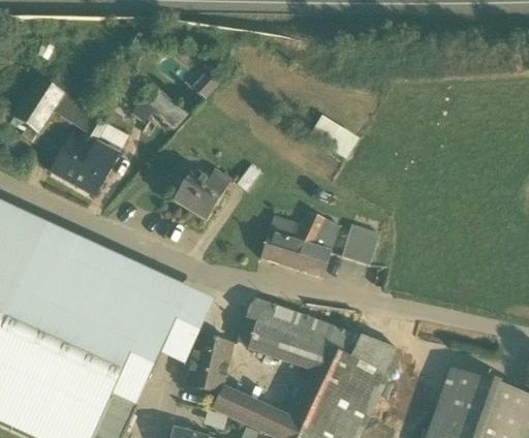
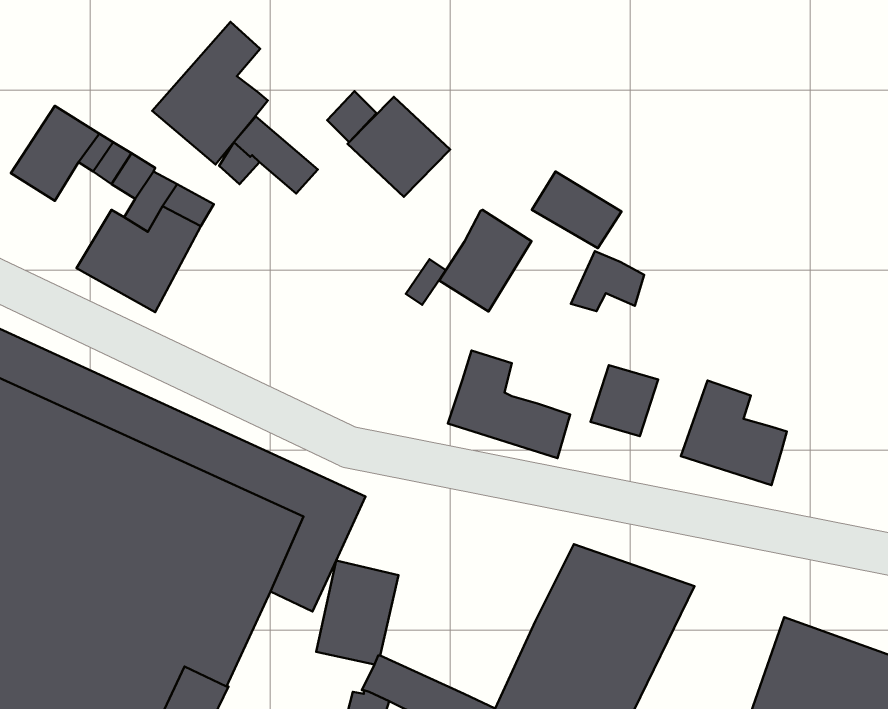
building: none -> [152,22,268,165]
building: none -> [347,97,450,197]
building: none -> [439,210,532,312]
building: [174,169,227,219] -> none
building: [297,212,338,246] -> [571,251,644,311]
building: none -> [681,381,787,485]
building: [241,299,332,369] -> none

